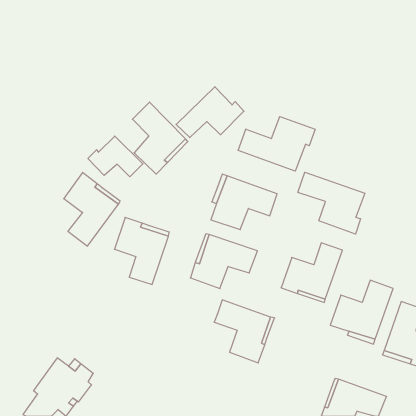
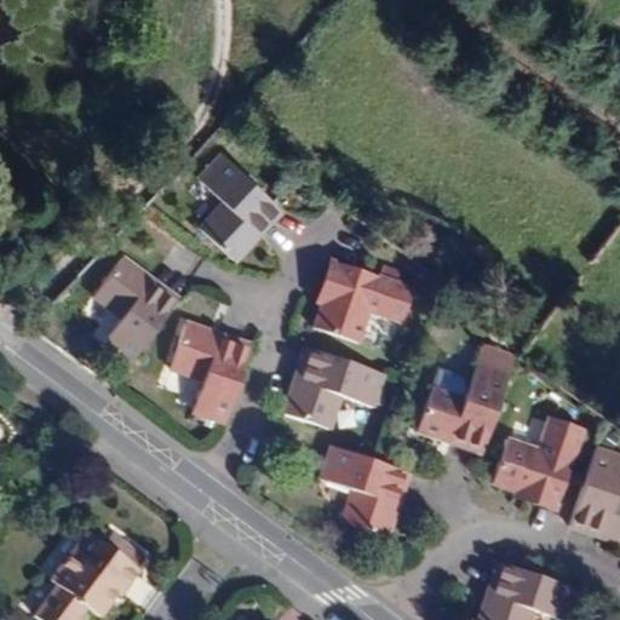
building: [176,87,244,138] -> none
building: [238,117,315,171] -> none
building: [88,136,143,177] -> none
building: [298,172,365,234] -> none

